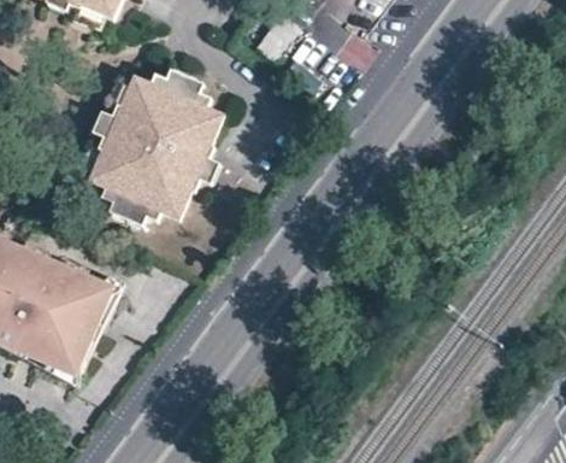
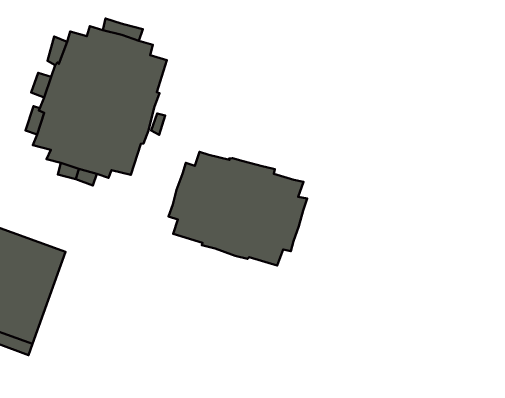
building: none -> [169,152,307,265]

